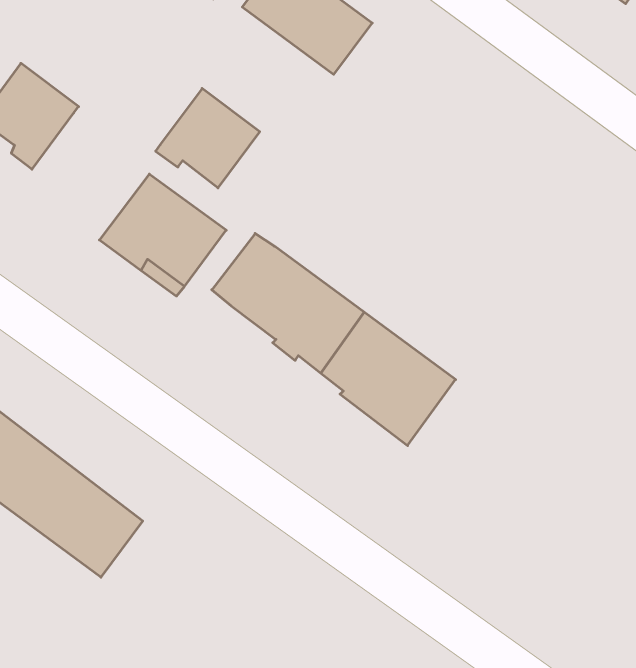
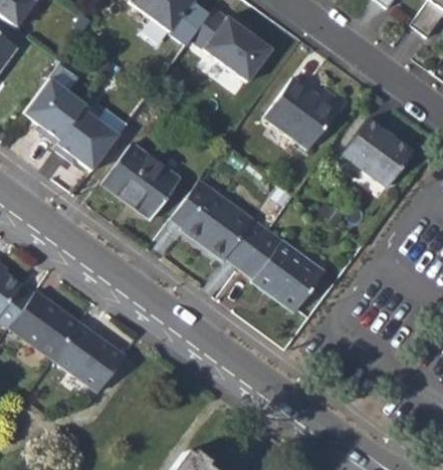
building: none -> [262,76,343,149]
building: [156,88,260,188] -> [55,104,121,167]
building: none -> [341,117,412,187]

